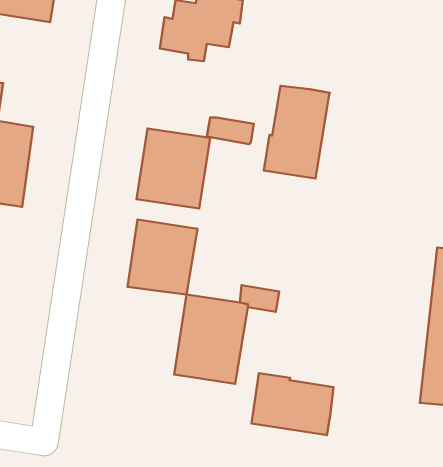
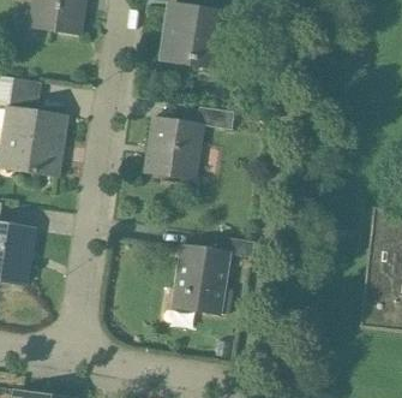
building: [264,86,330,178] -> none
building: [128,219,197,295] -> none
building: [251,373,333,435] -> none

